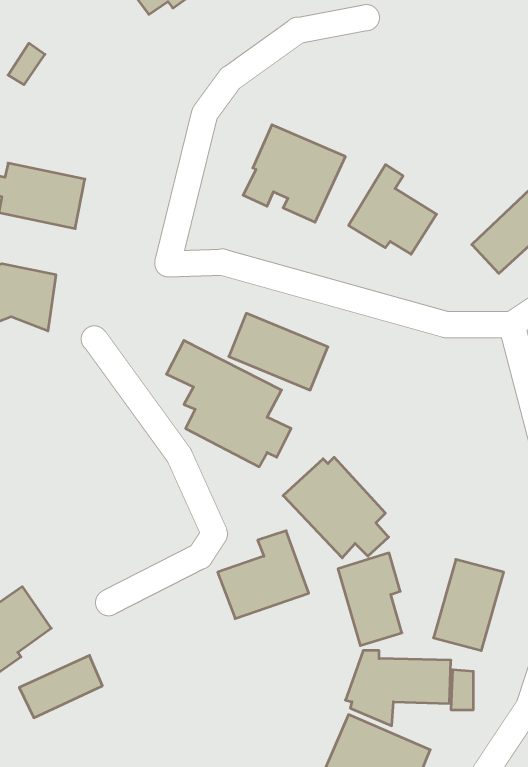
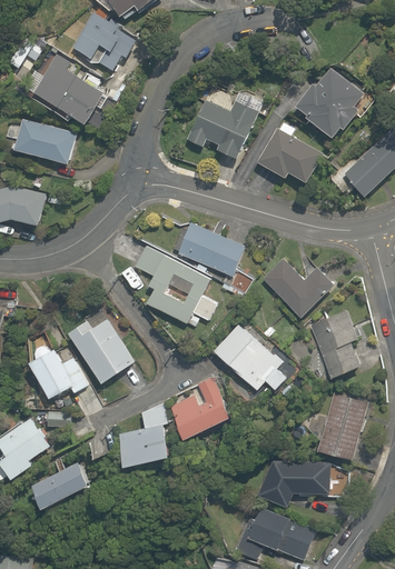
building: none -> [75,14,138,72]
building: none -> [34,54,101,123]
building: none -> [295,67,366,138]
building: none -> [266,263,335,320]
building: none -> [66,317,134,382]
building: none -> [22,340,91,399]
building: [338,553,402,646] -> [313,312,357,377]
building: none -> [113,406,168,465]

